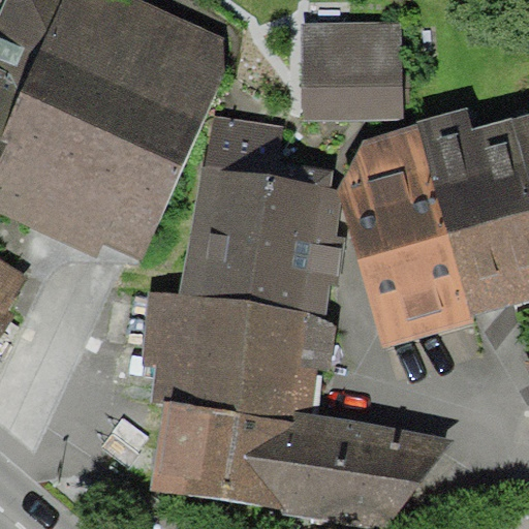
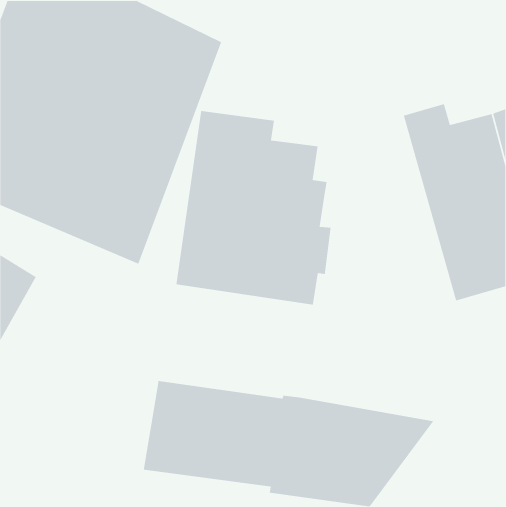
building: [294,20,402,117] -> none
building: [339,120,474,347] -> none
building: [138,291,337,414] -> none

